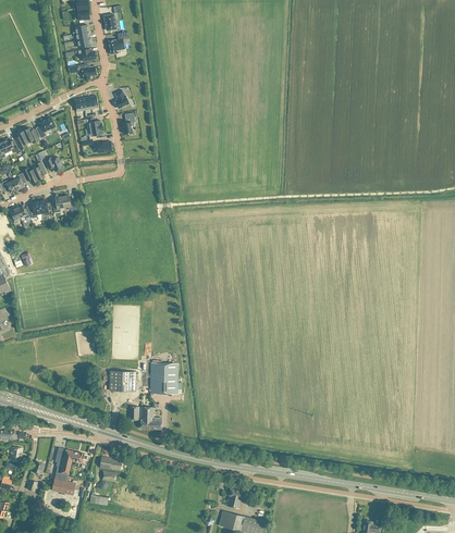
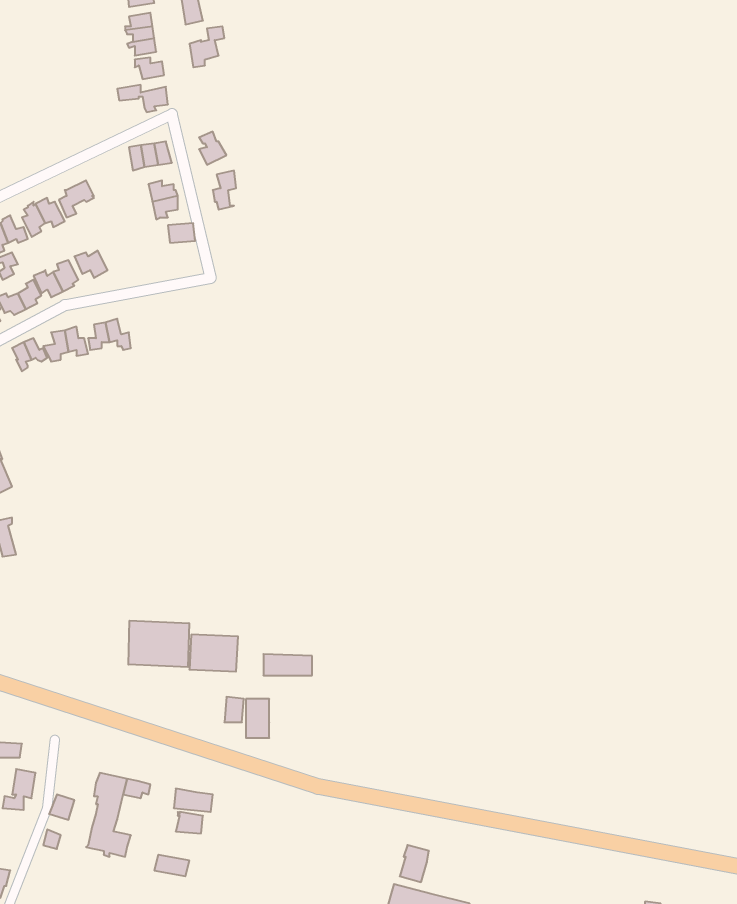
building: none -> [128,621,189,667]
building: [150,363,179,383] -> none

